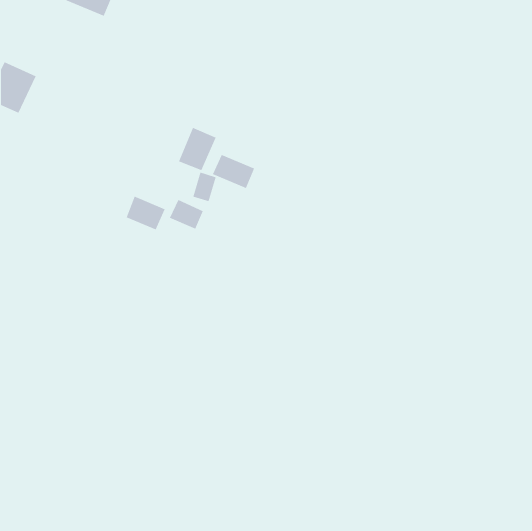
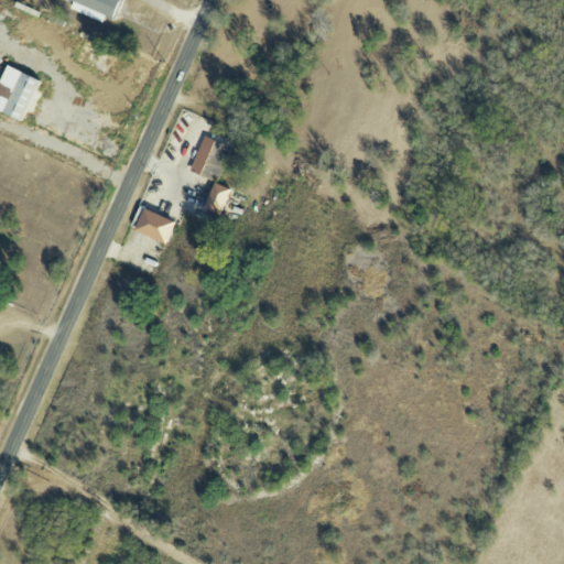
building: [212,154,255,189] -> none
building: [169,199,204,230] -> none

